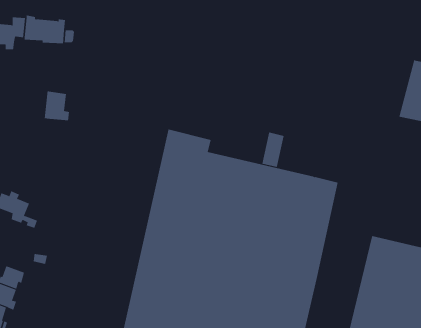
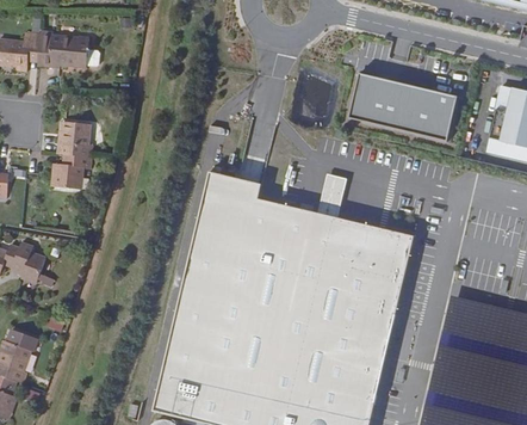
building: none -> [351,74,457,143]
building: none -> [55,155,92,189]

